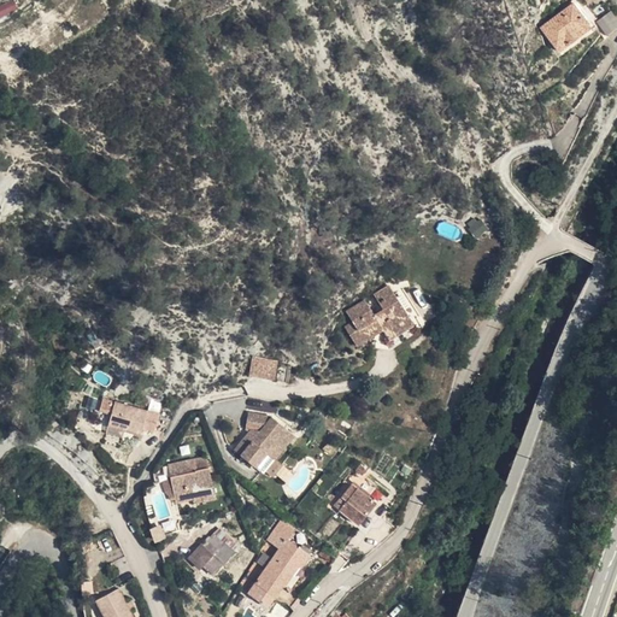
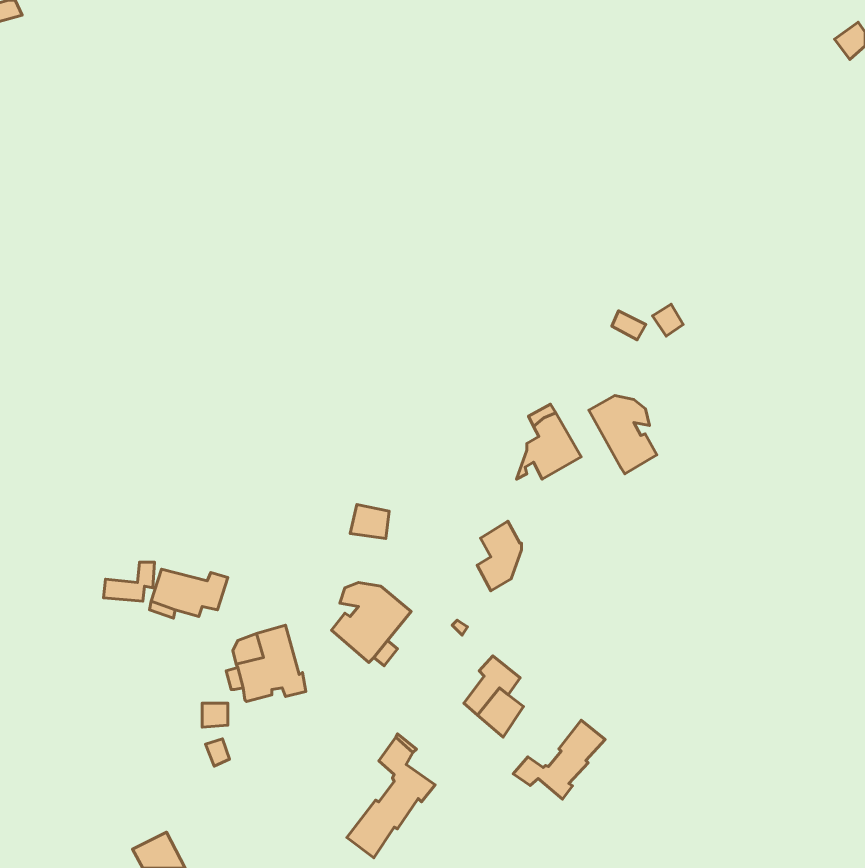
building: [539,8,589,57] -> none
building: none -> [589,396,657,474]
building: [342,299,374,348] -> [477,521,521,591]
building: none -> [513,720,605,799]
building: [193,528,237,568] -> none

